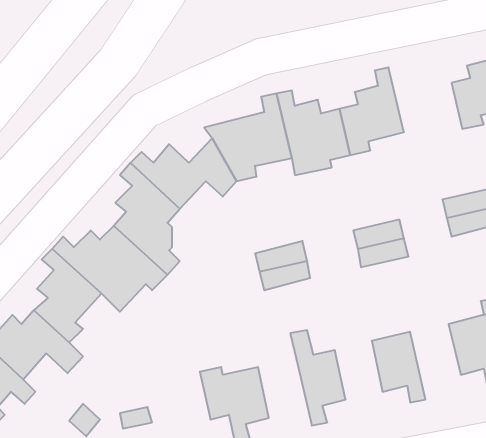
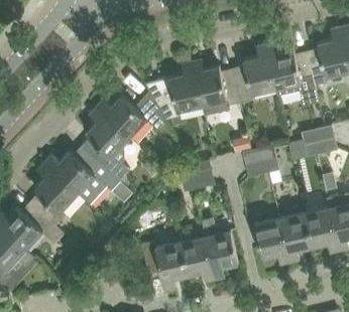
building: none -> [265,43,318,107]
building: none -> [279,213,313,263]
building: none -> [180,237,215,282]

